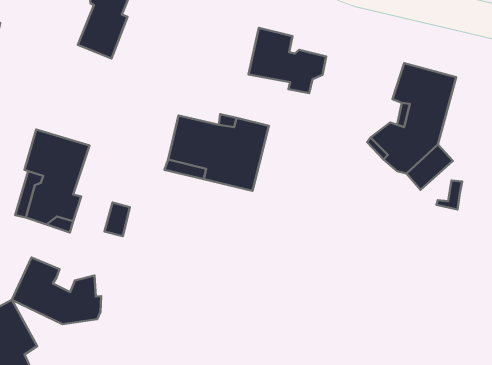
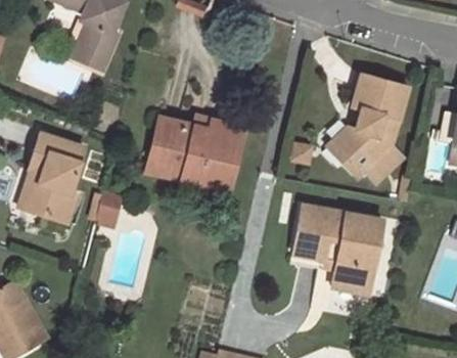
building: [249,28,326,93] -> none
building: none -> [294,205,383,294]
building: [12,257,101,324] -> none

